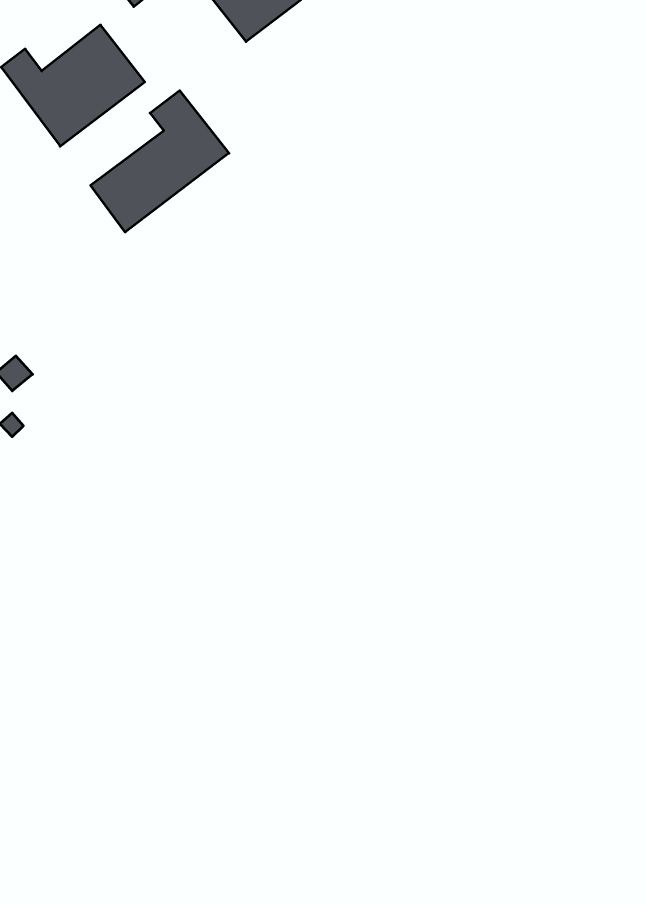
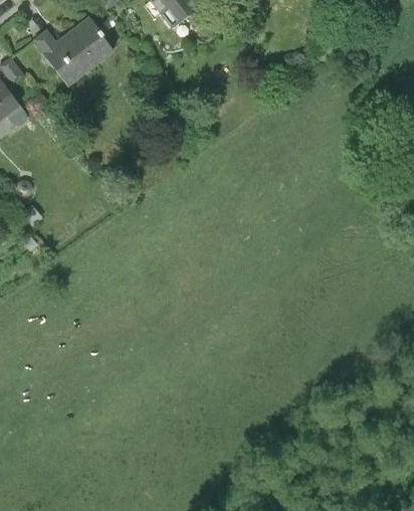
building: [91,91,229,232] -> none

